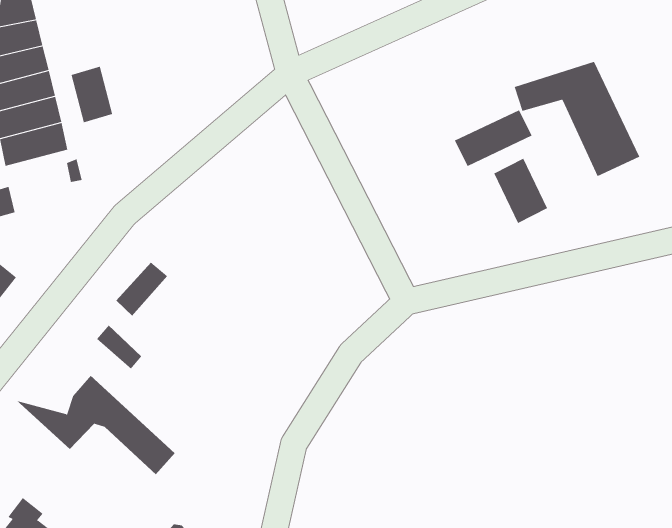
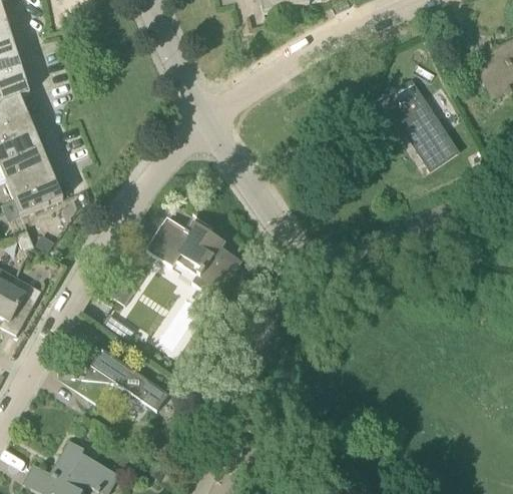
building: [71,66,113,123] -> none
building: [454,109,532,167] -> none
building: [494,158,548,224] -> none
building: none -> [146,217,240,298]

